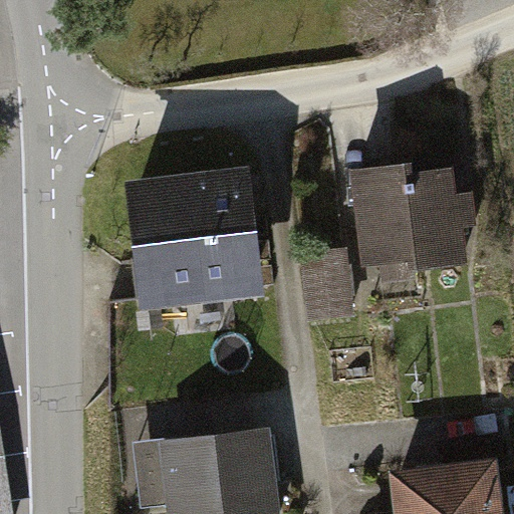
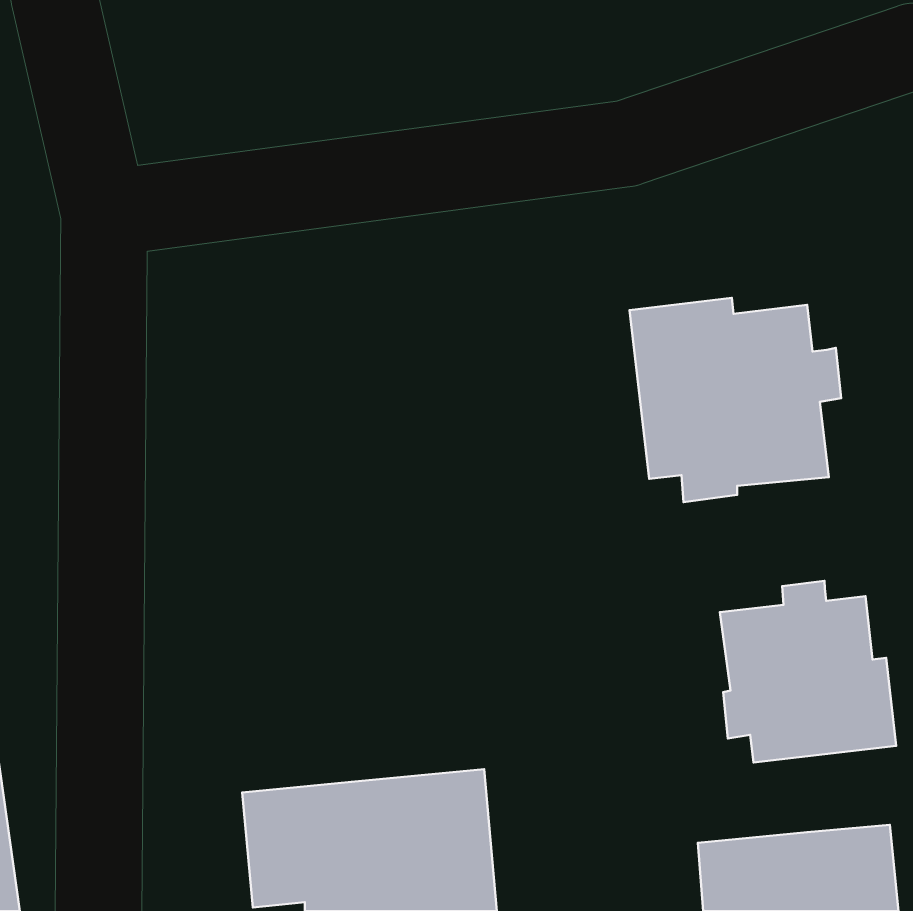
building: [124,166,261,313] -> none
building: none -> [720,581,896,763]

